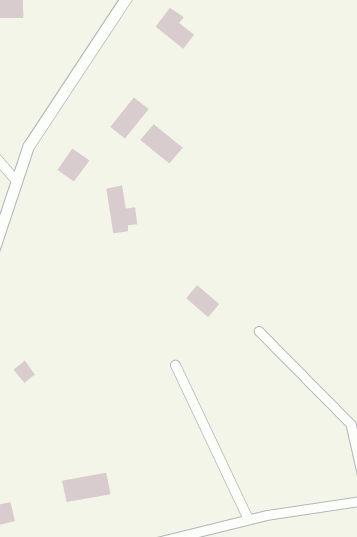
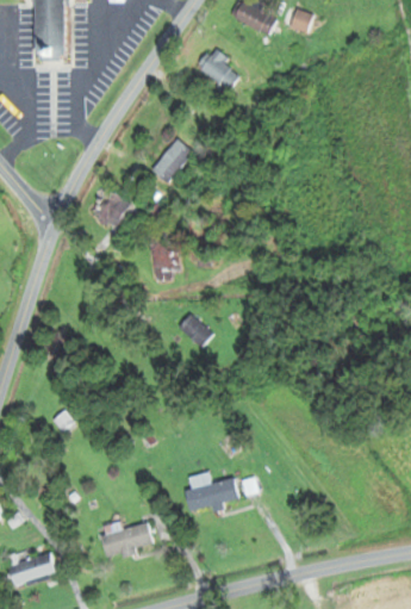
building: [139,123,184,164] -> none
building: [185,284,220,318] -> [176,312,212,347]
building: none -> [183,473,238,510]

